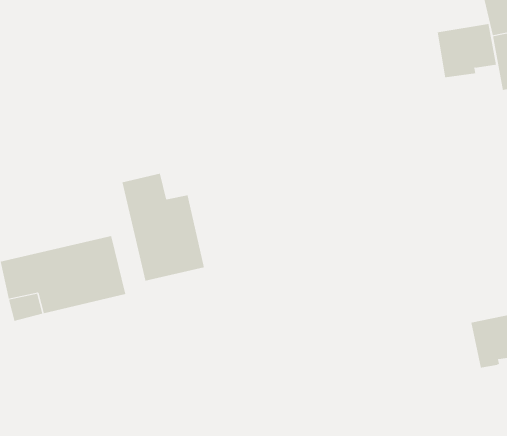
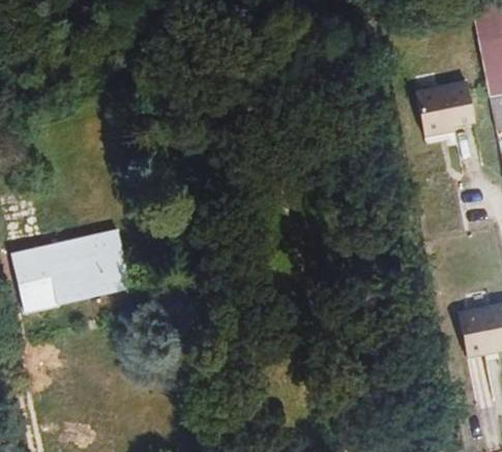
building: [437,23,497,78] -> [418,86,475,138]
building: [122,173,205,281] -> none

